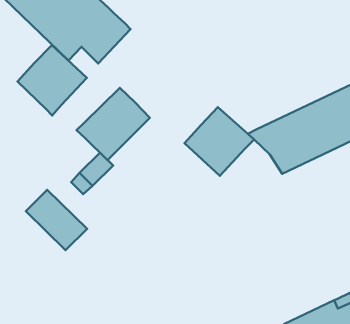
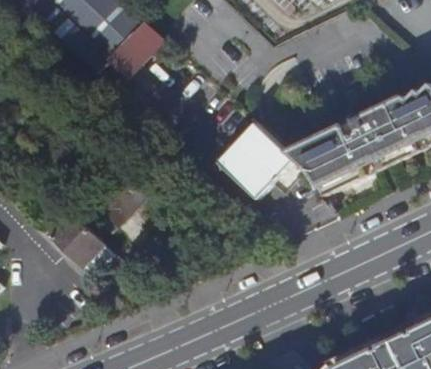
building: [17,45,87,115] -> none
building: [76,88,150,160] -> none

